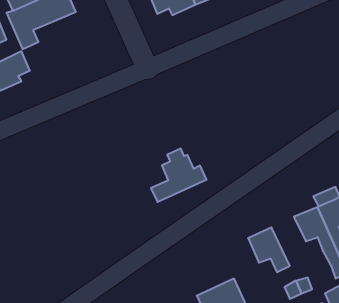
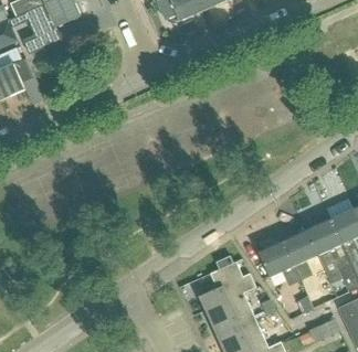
building: [151,149,207,202] -> [199,255,256,310]
building: none -> [283,228,318,279]

